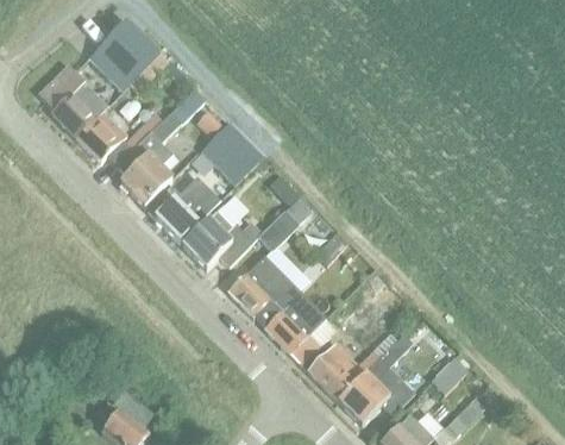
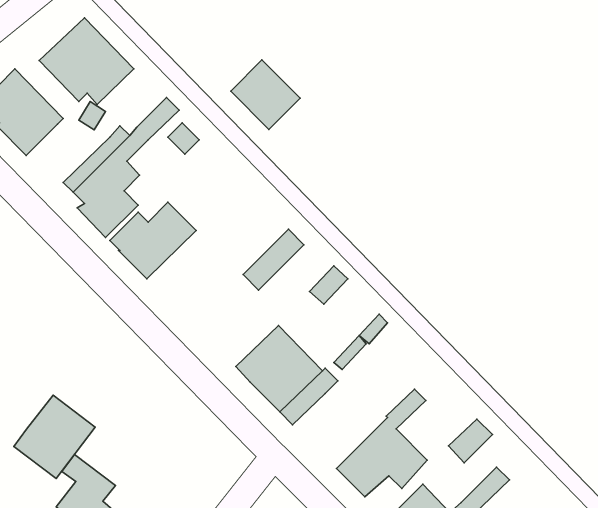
building: [77,111,126,161] -> none
building: [202,126,260,184] -> [231,60,300,129]
building: [182,203,256,268] -> none
building: [228,256,289,315] -> none
building: none -> [14,395,95,479]
building: [309,343,381,400] -> none

